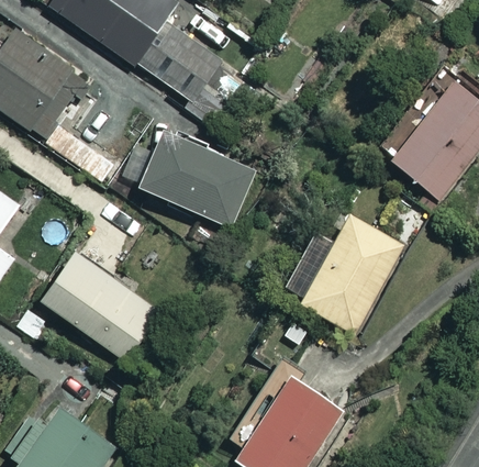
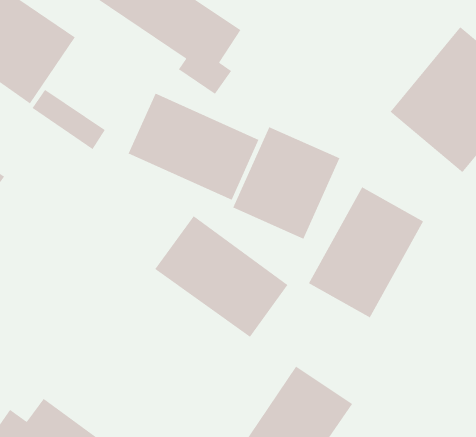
building: none -> [232,126,340,240]
building: [37,248,160,360] -> [154,215,289,338]

